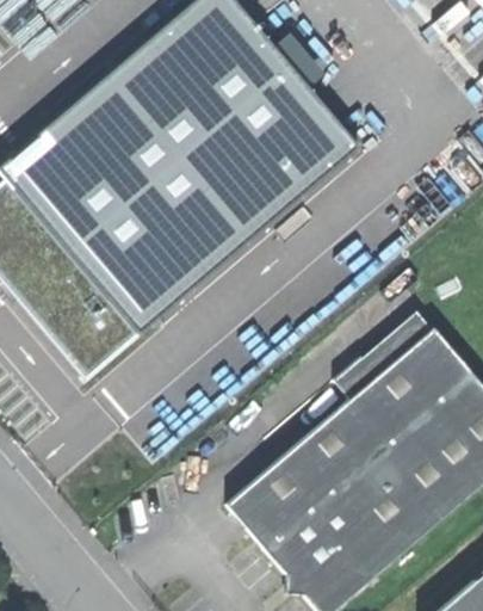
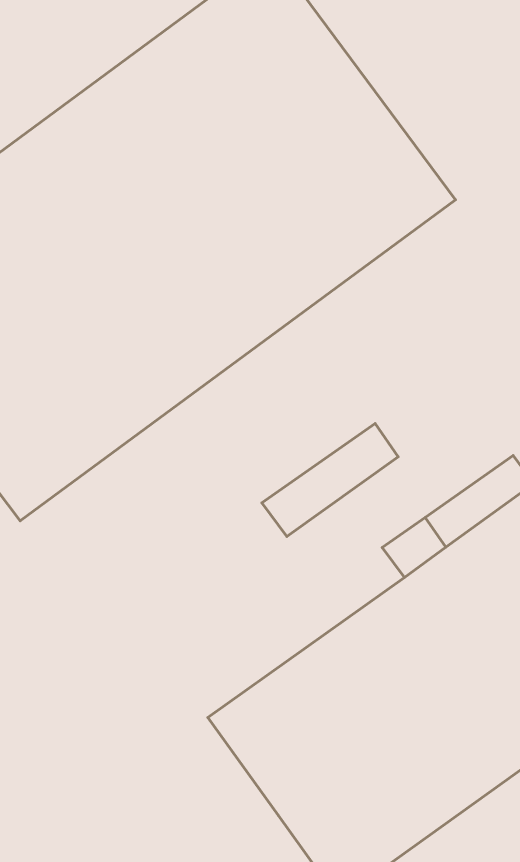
building: none -> [262,423,398,537]

